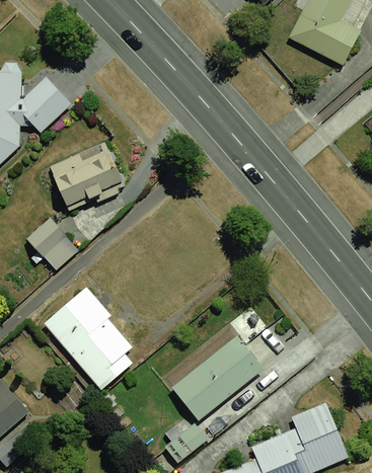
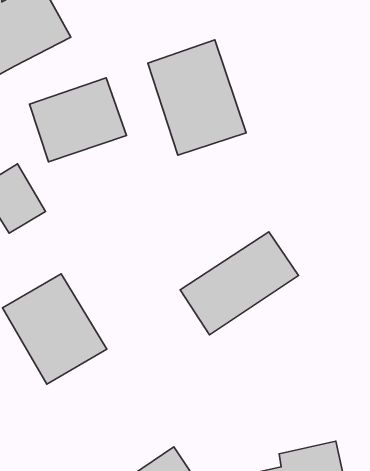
building: none -> [148,40,246,155]
building: [166,327,258,415] -> [180,232,299,335]

